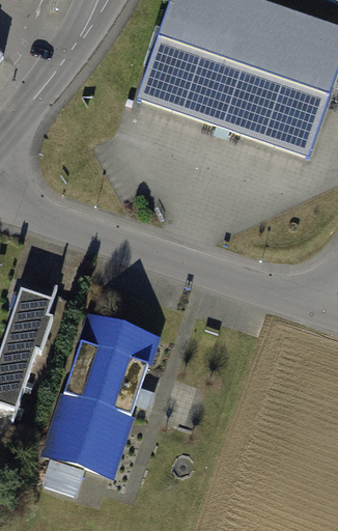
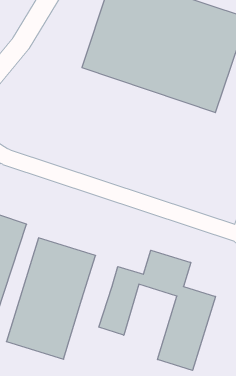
building: none -> [99,250,215,370]

